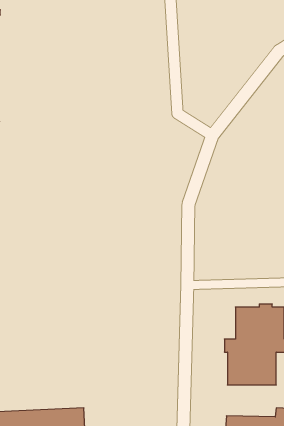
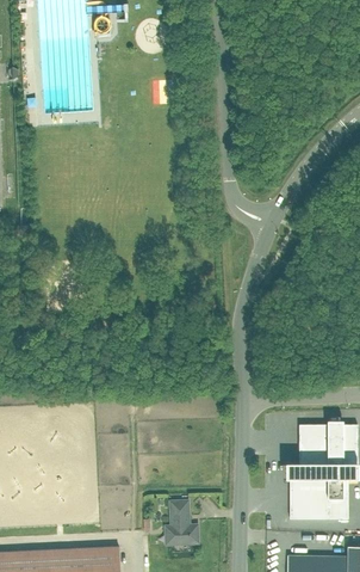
building: none -> [166,502,198,545]

